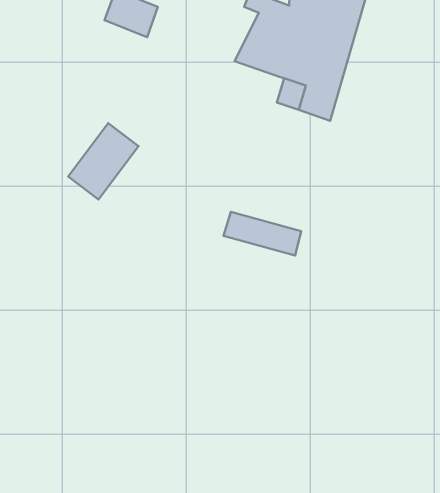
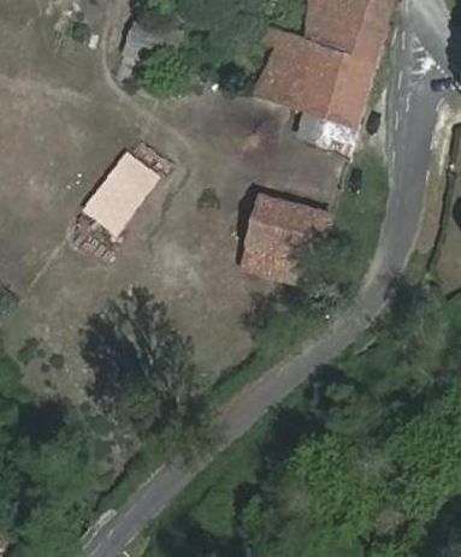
building: none -> [249,195,332,261]

